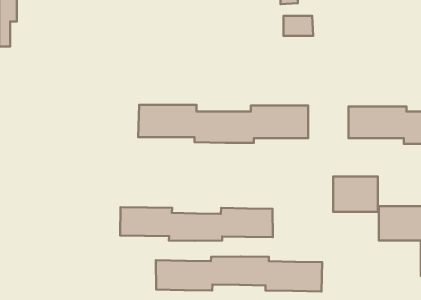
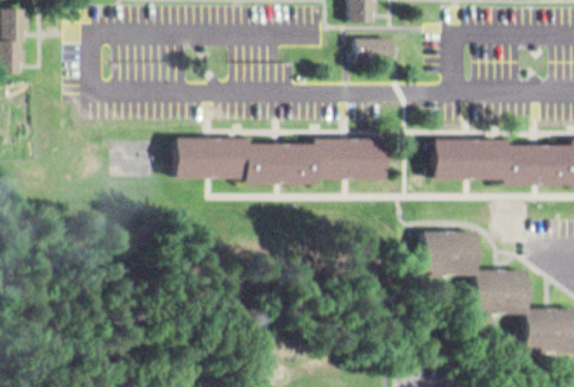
building: [120,207,273,241] -> none
building: [156,257,322,291] -> none

